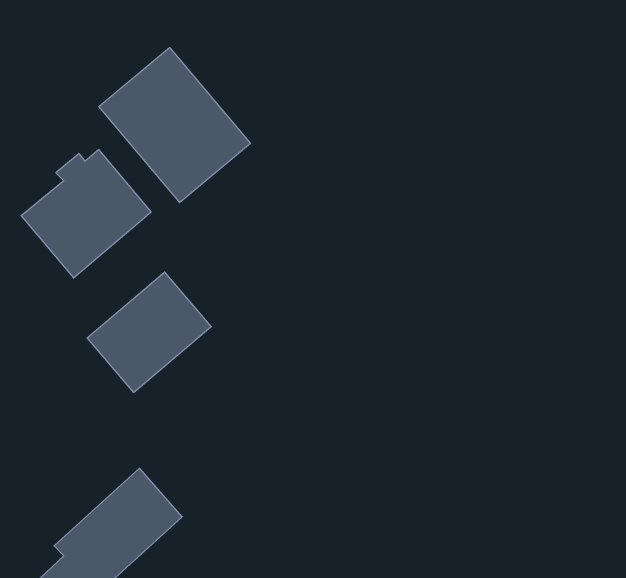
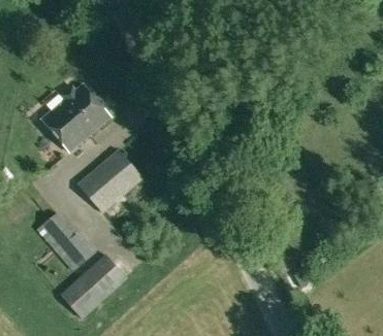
building: [99,48,250,203] -> none
building: none -> [37,212,97,271]

